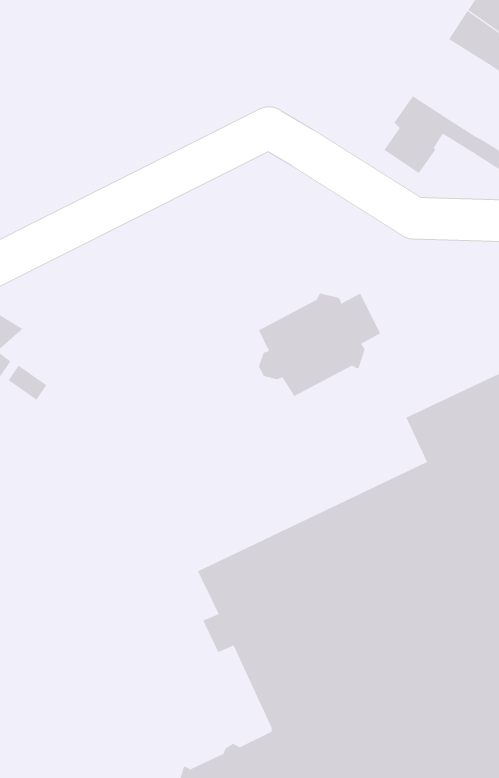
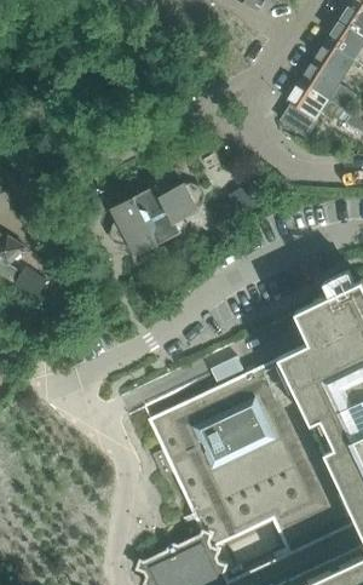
building: none -> [301,41,357,110]
building: [258,293,381,397] -> [111,182,198,256]

